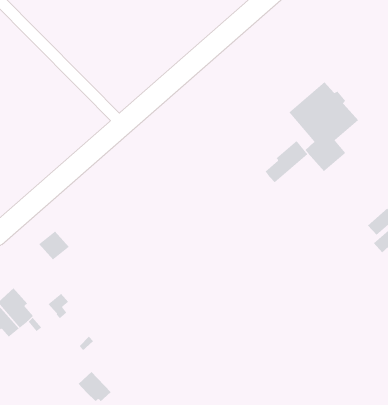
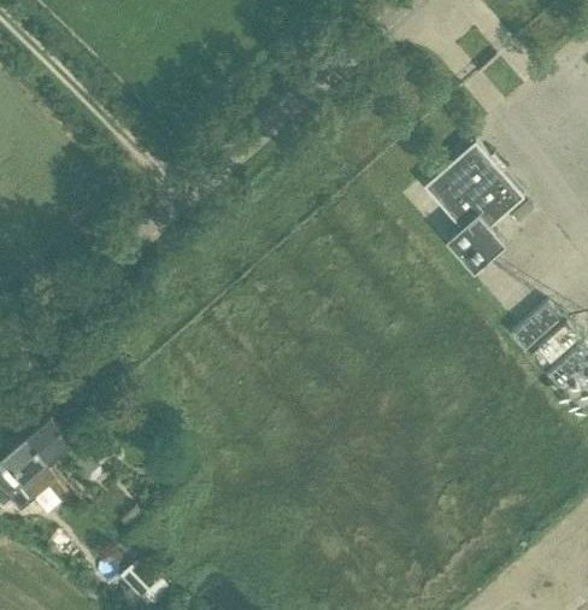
building: [265,140,308,183] -> none
building: none -> [511,303,561,351]
building: [38,231,69,260] -> [28,420,72,462]

